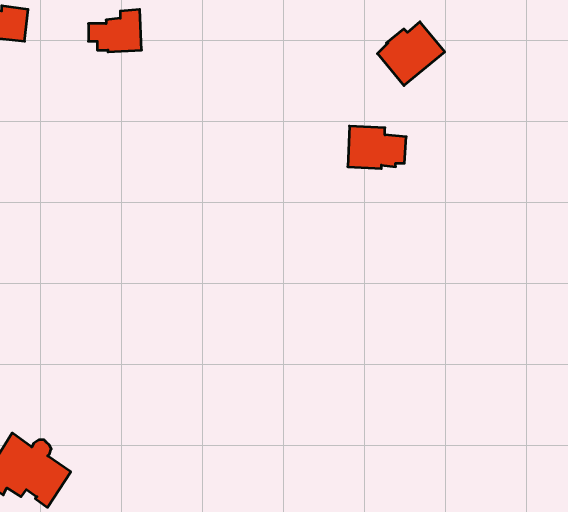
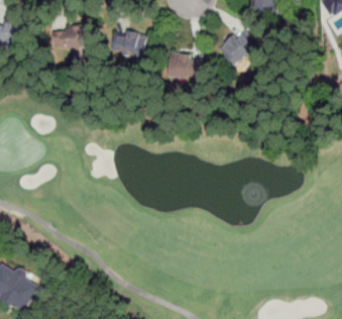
building: none -> [112,31,144,57]
building: [348,126,406,169] -> [167,52,201,77]

